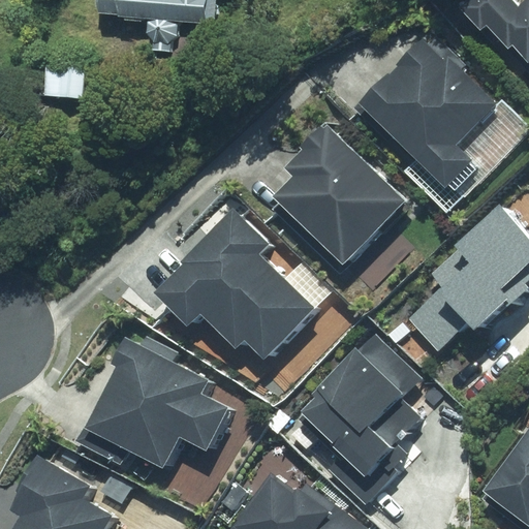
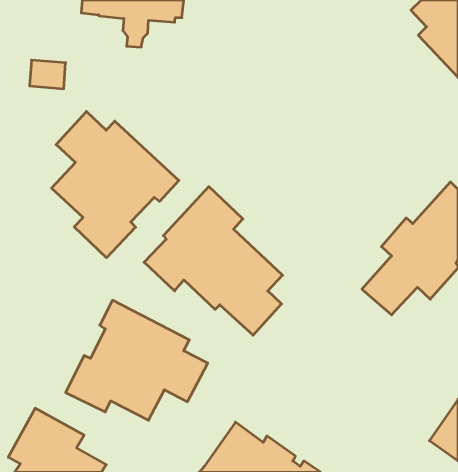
building: [371,60,484,186] -> none
building: [277,123,406,262] -> none
building: none -> [52,111,179,258]
building: [304,333,417,484] -> none

